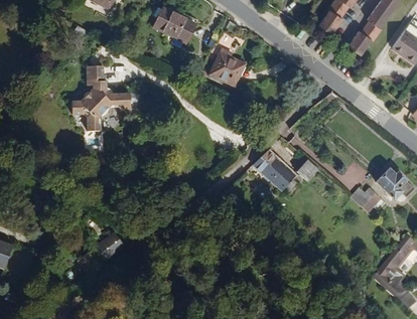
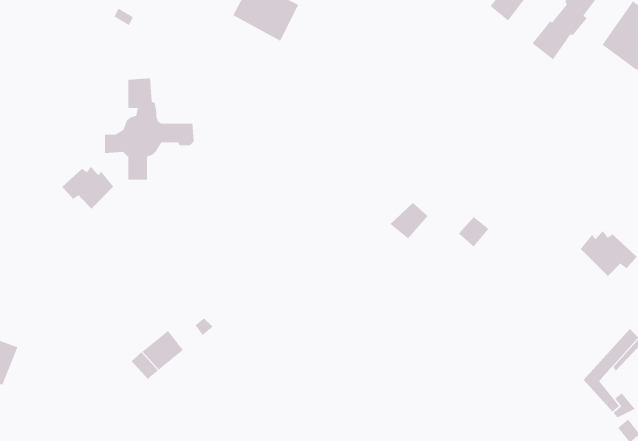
building: [211,51,241,83] -> none
building: none -> [62,166,114,209]
building: [266,159,295,188] -> none
building: [350,186,383,212] -> none

